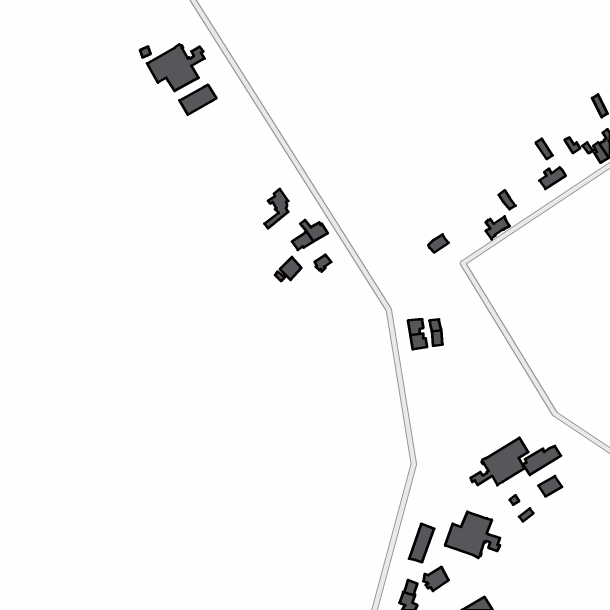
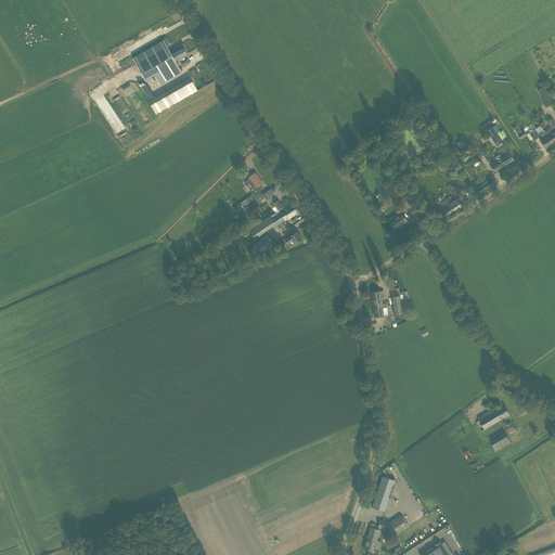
building: [471,438,528,485] -> none
building: [445,512,500,558] -> none

